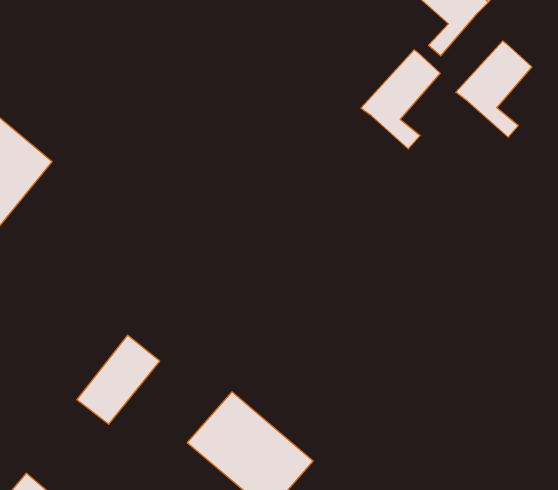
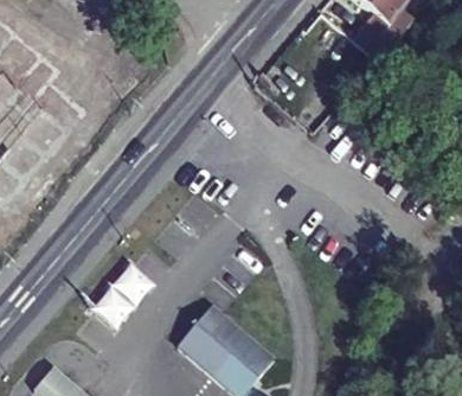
building: [456,41,532,137] -> none
building: [361,50,440,149] -> none

